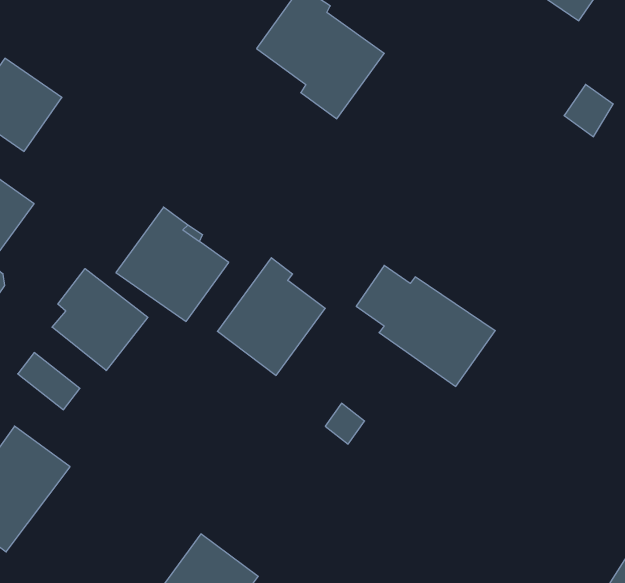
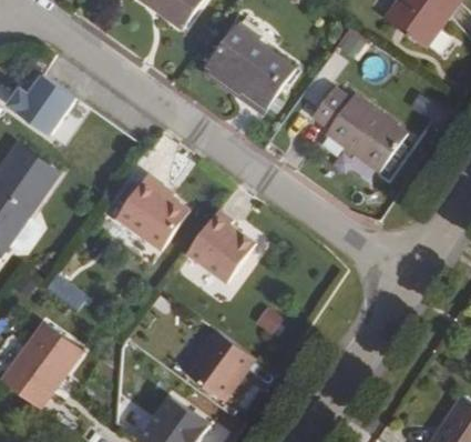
building: [356,265,495,386] -> [313,88,407,170]
building: [52,269,148,371] -> none
building: none -> [183,329,254,400]

